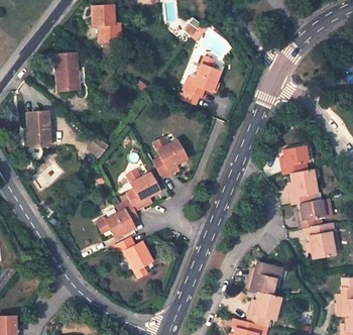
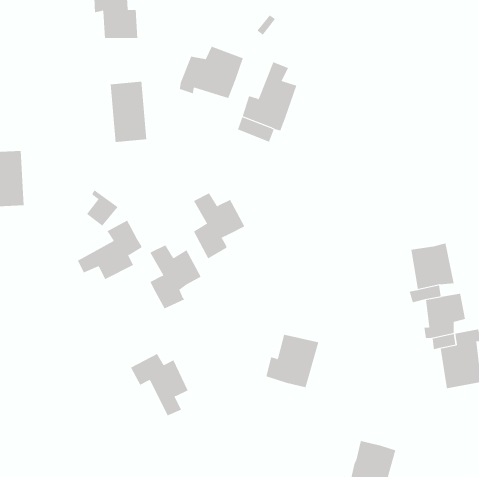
building: none -> [179,46,244,99]
building: [54,52,78,91] -> [110,81,147,143]
building: [281,145,308,174] -> none
building: [99,199,139,236] -> [77,220,142,280]
building: [246,261,279,295] -> [266,334,319,388]

